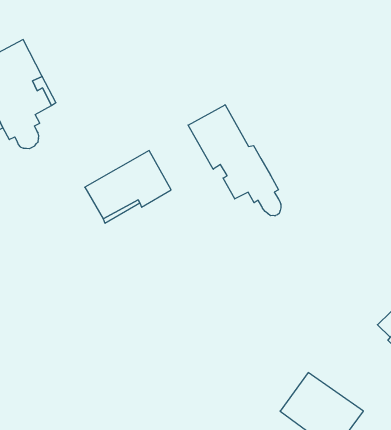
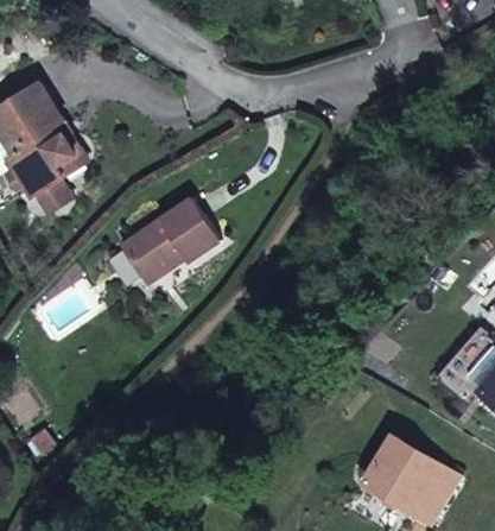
building: [188,105,281,216] -> none

